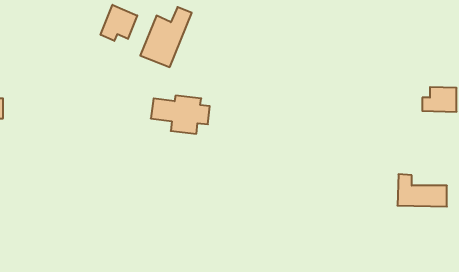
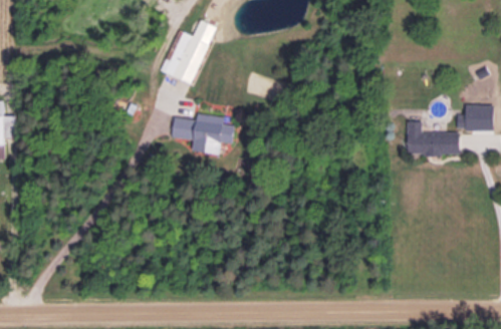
building: [101,5,137,41] -> none
building: [397,174,447,207] -> [407,120,459,154]

